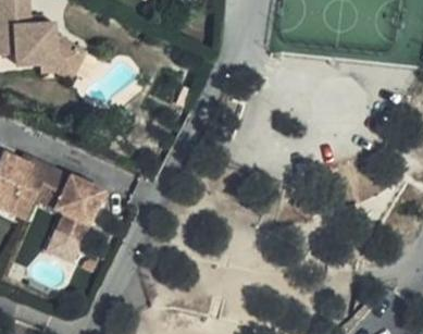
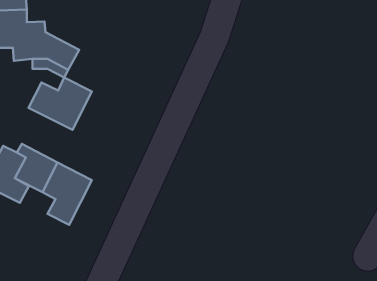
building: none -> [28,78,92,130]

